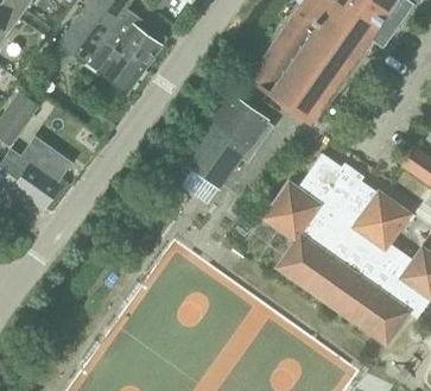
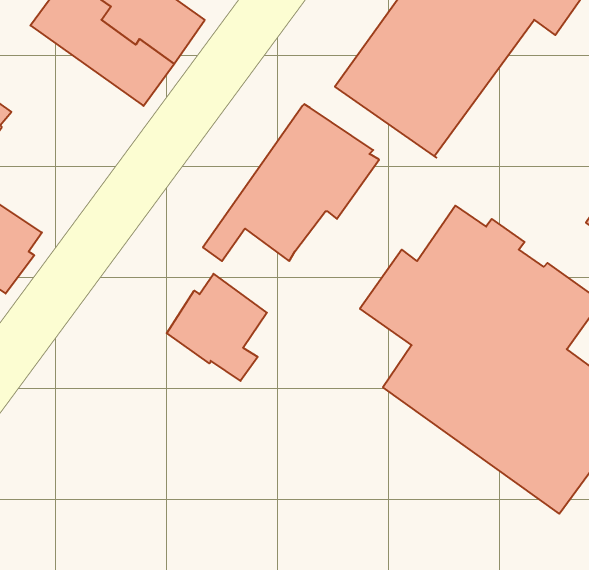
building: none -> [167,274,267,381]

